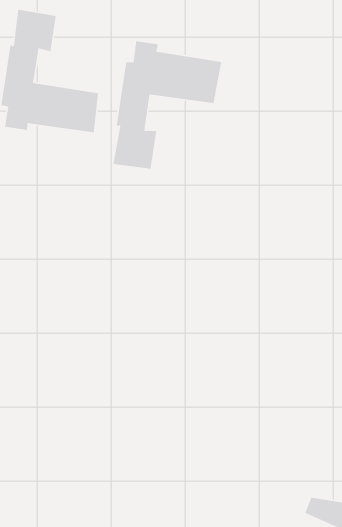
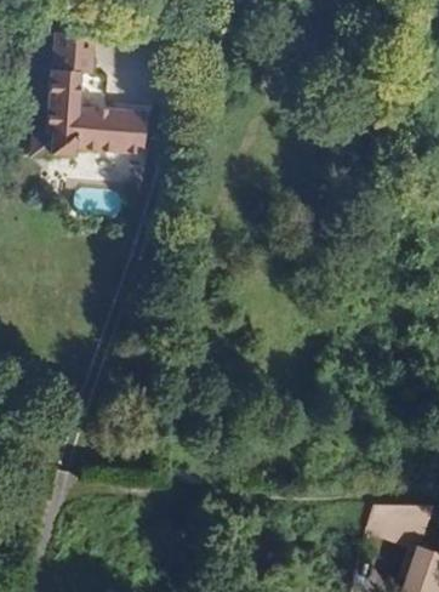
building: [113,41,222,169] -> none

